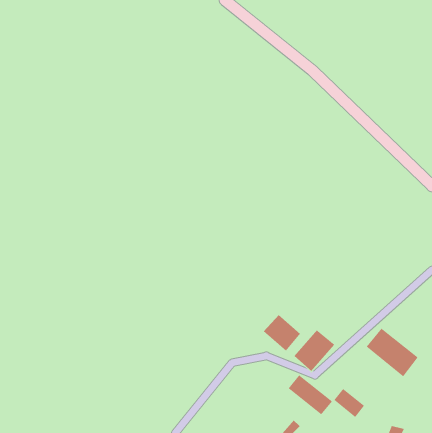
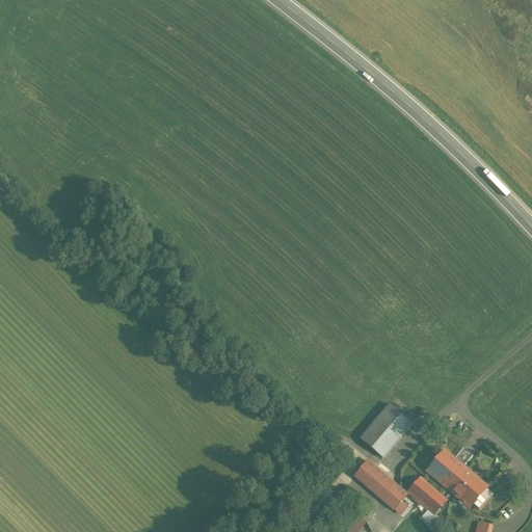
building: [263,314,301,351] -> none
building: [366,328,419,377] -> [424,447,488,507]

